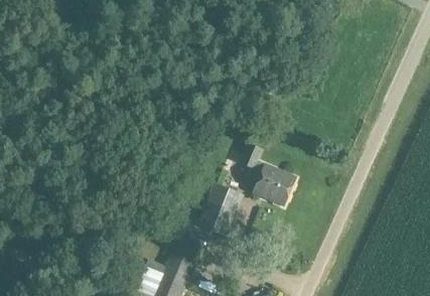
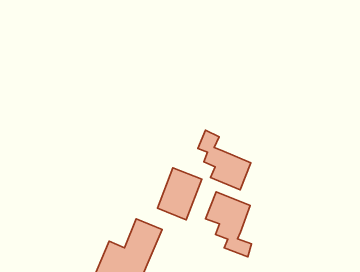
building: none -> [206,192,252,257]

